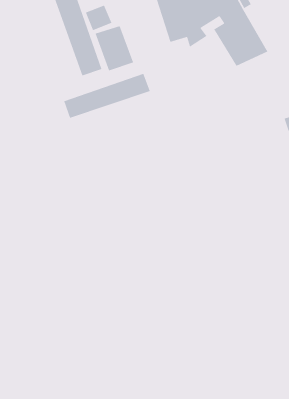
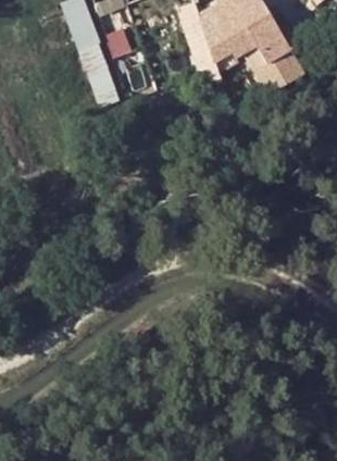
building: [63,73,151,119] -> none

